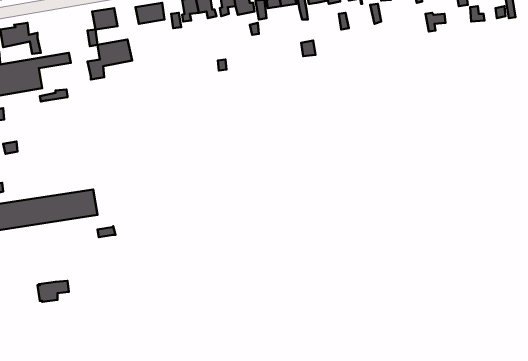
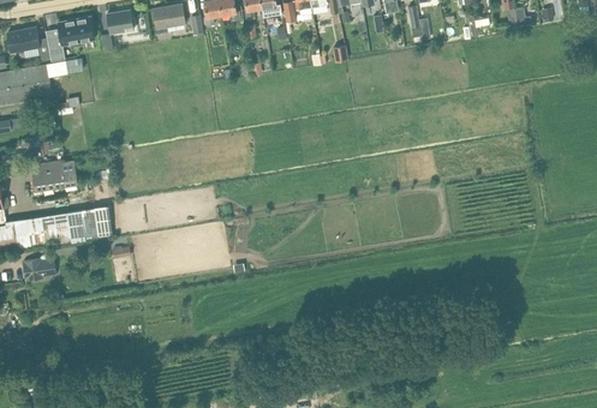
building: [88,39,132,79] -> [47,19,95,62]
building: none -> [32,160,76,192]
building: [38,281,69,302] -> [20,258,54,281]

